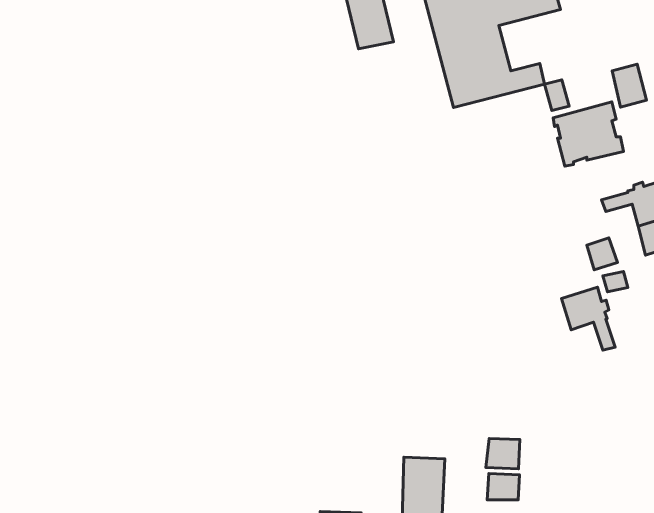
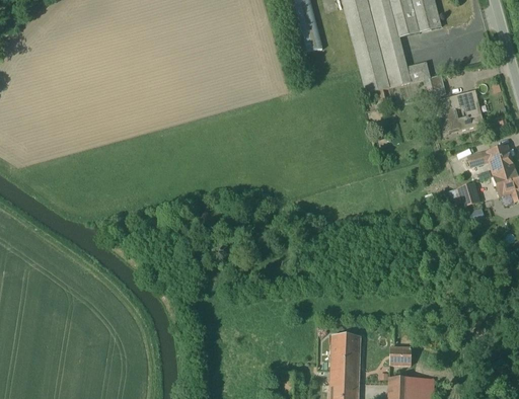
building: [612,64,647,107] -> none
building: [561,287,615,350] -> none
building: [486,438,520,469] -> none

